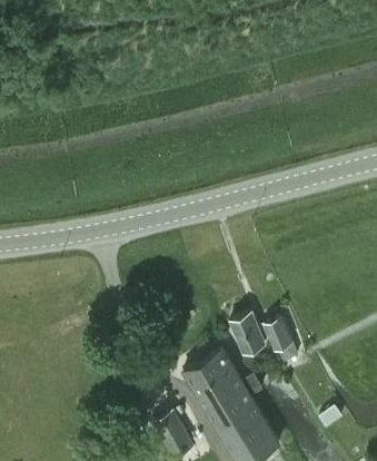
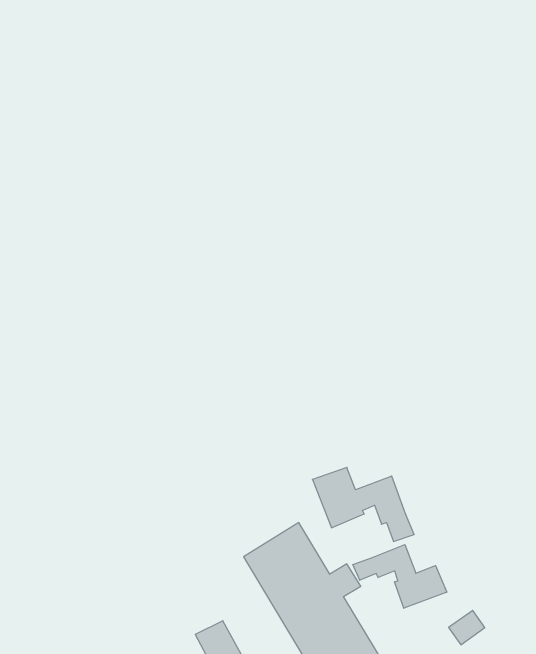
building: none -> [353,545,447,608]

